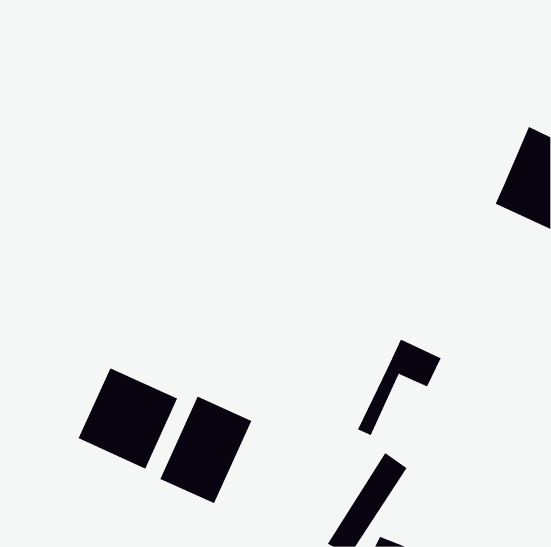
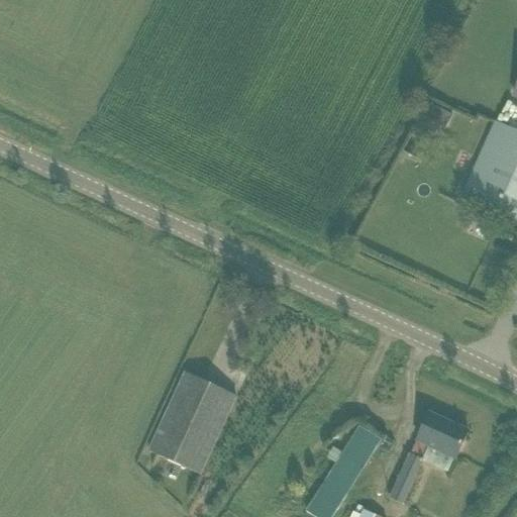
building: [357,339,441,436] -> [390,411,469,502]
building: [78,367,178,469] -> none

